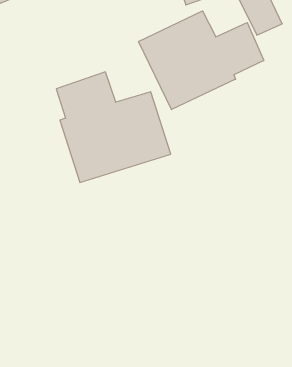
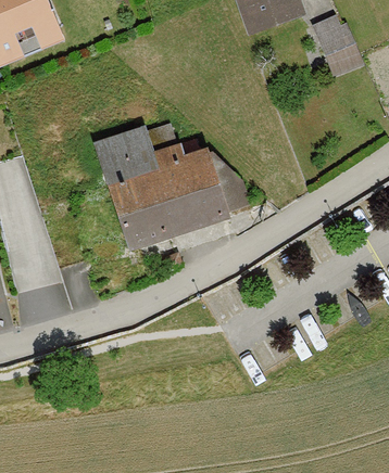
building: [139,11,264,110] -> none

